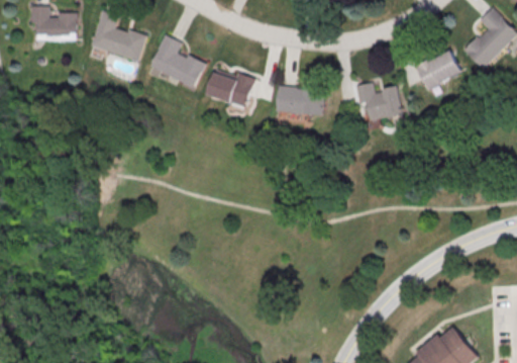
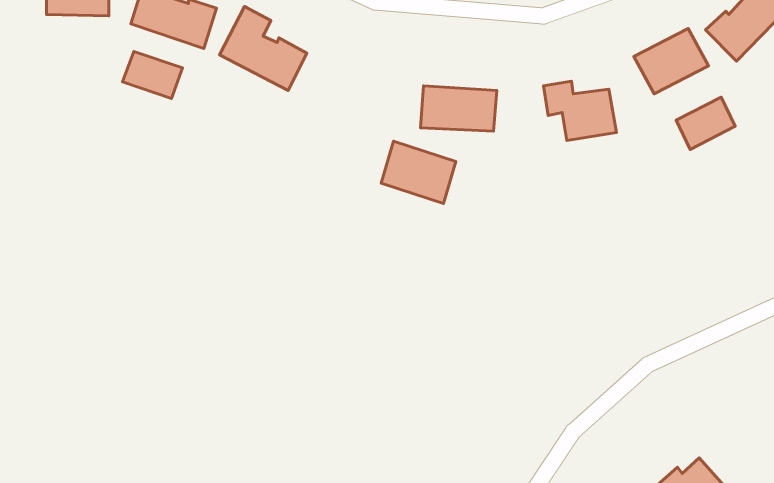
building: none -> [123,51,183,98]
building: [207,67,255,107] -> [381,141,456,204]
building: none -> [676,97,735,149]

